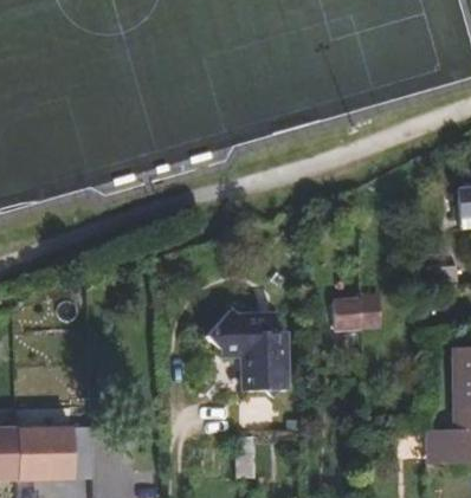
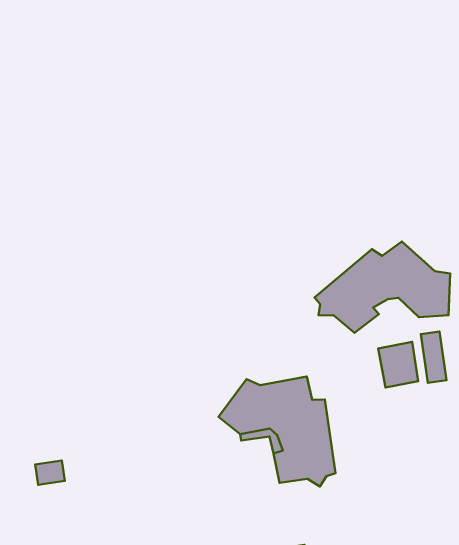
building: none -> [315,241,450,333]

